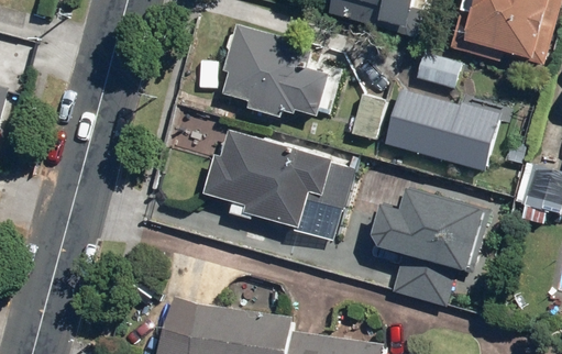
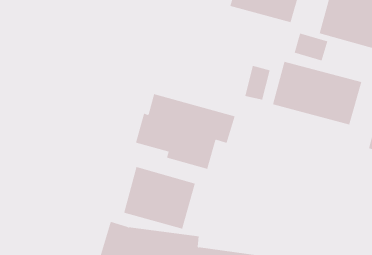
building: [219,23,334,118] -> none
building: [370,199,478,289] -> none
building: none -> [123,166,196,230]

